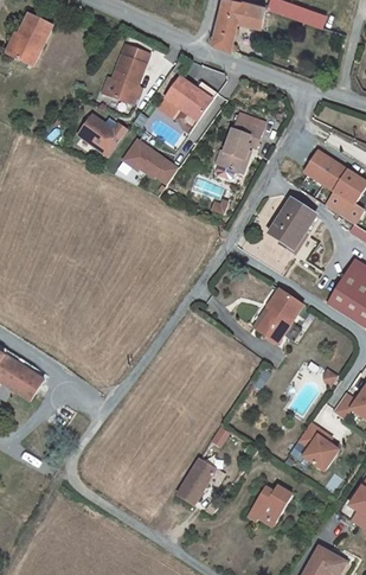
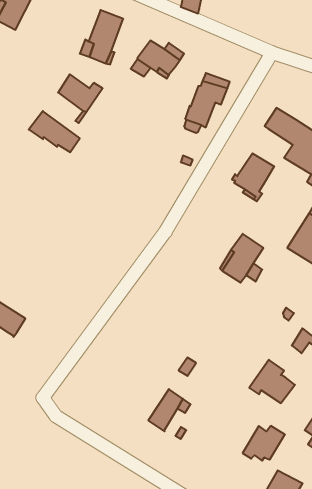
building: [122,138,178,183] -> [29,111,80,152]
building: [245,484,291,522] -> [243,426,285,461]

